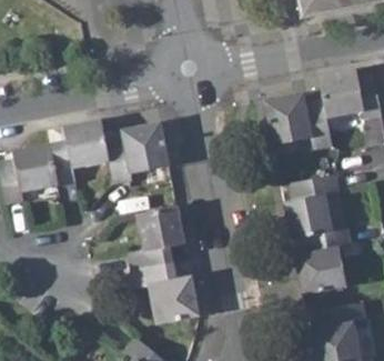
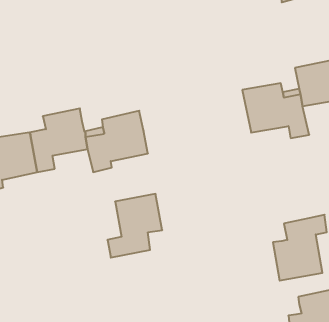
building: [286,176,341,240] -> none
building: [133,263,201,323] -> none

